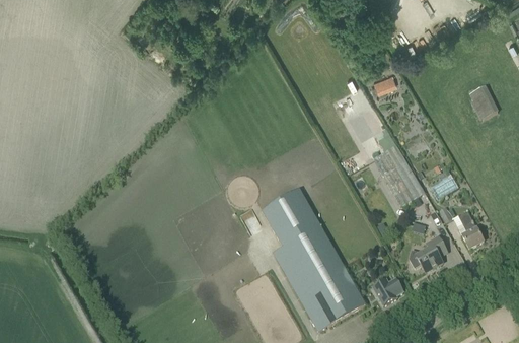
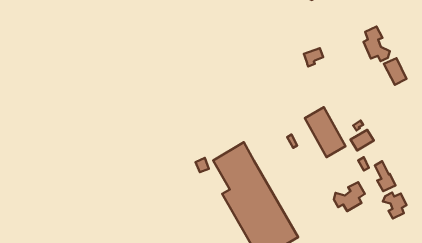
building: none -> [363,27,390,61]
building: none -> [383,193,406,218]
building: [373,279,403,306] -> none

